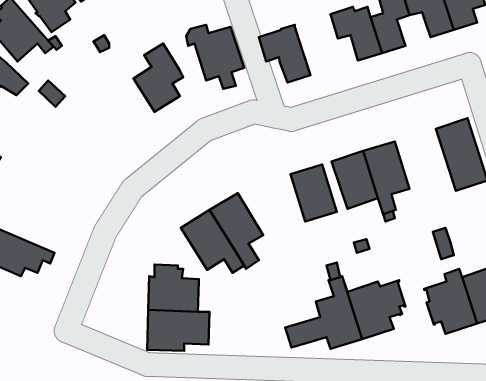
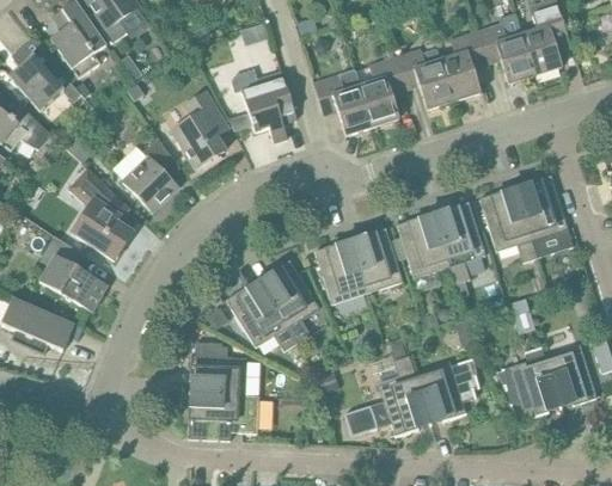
building: none -> [355,56,404,125]
building: none -> [123,136,178,210]
building: none -> [68,166,134,259]
building: none -> [479,186,538,262]
building: none -> [39,234,108,310]
building: none -> [314,238,367,303]

